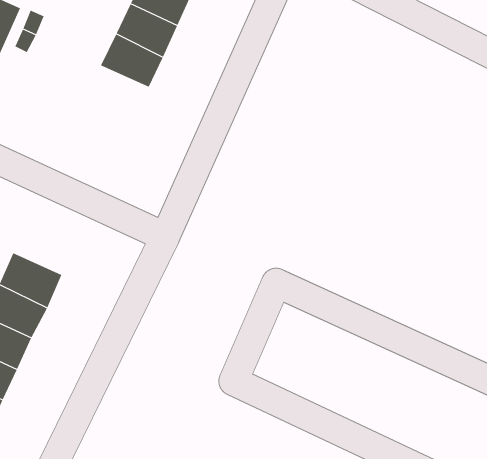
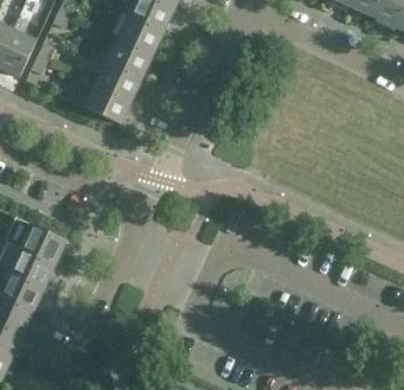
building: none -> [84,83,132,124]

